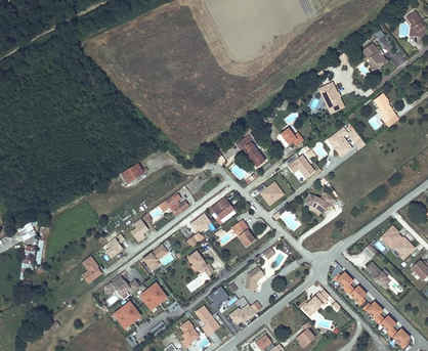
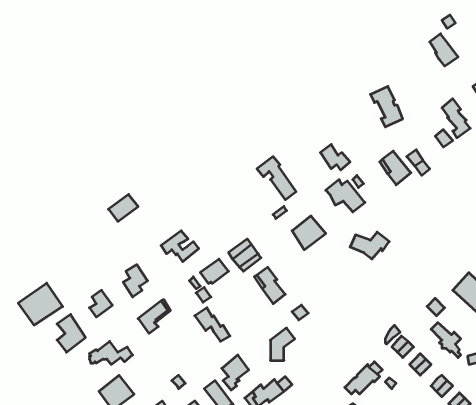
building: none -> [18,283,63,325]
building: [139,282,167,309] -> none

